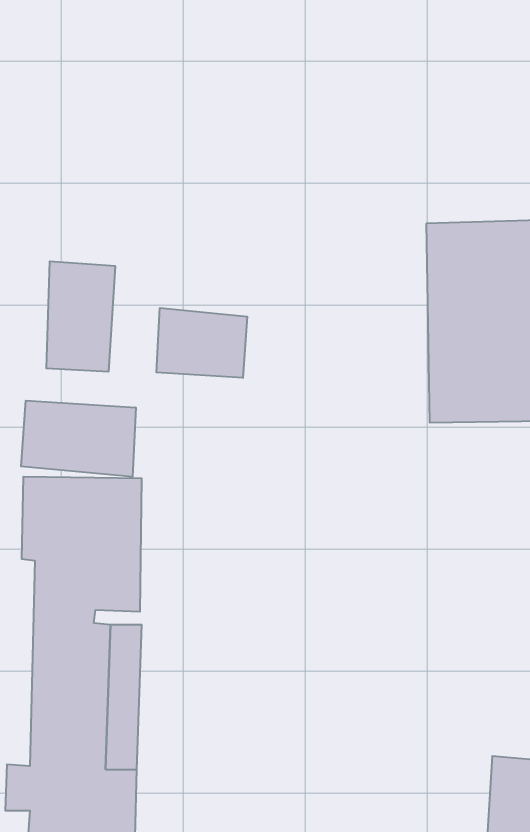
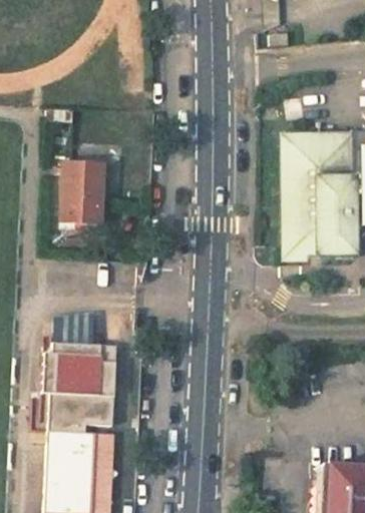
building: [156,308,247,378] -> none
building: [21,401,136,477] -> none

